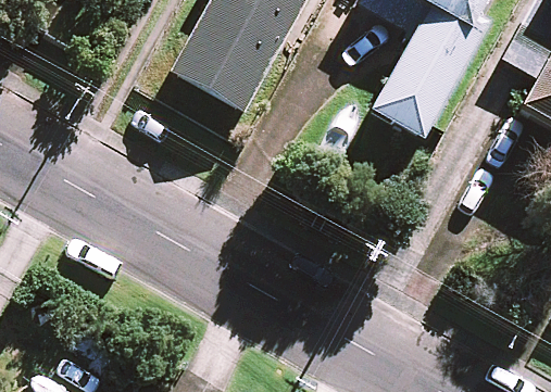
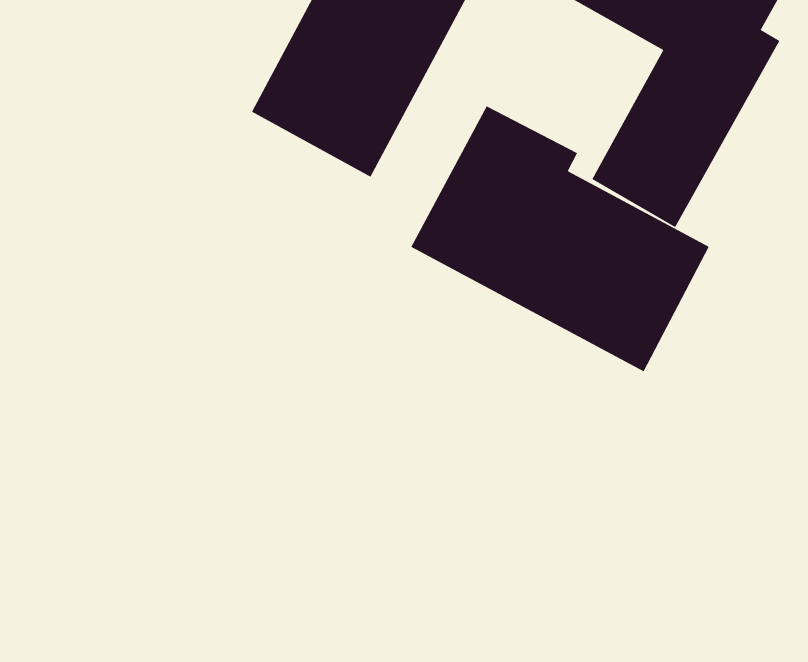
building: none -> [411,106,710,372]

